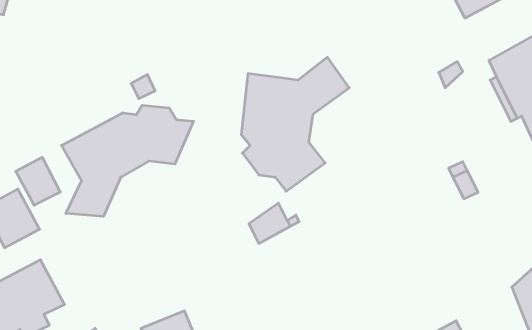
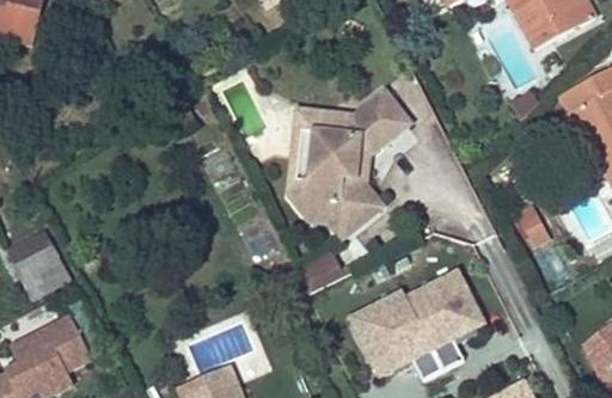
building: [61,105,194,216] -> none
building: [16,157,60,205] -> none
building: none -> [349,267,485,378]

